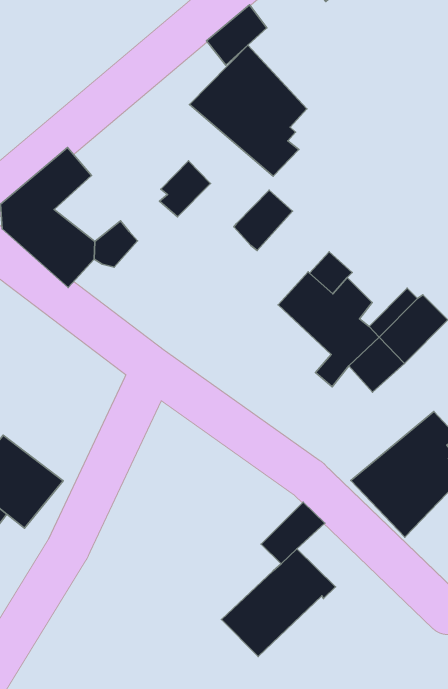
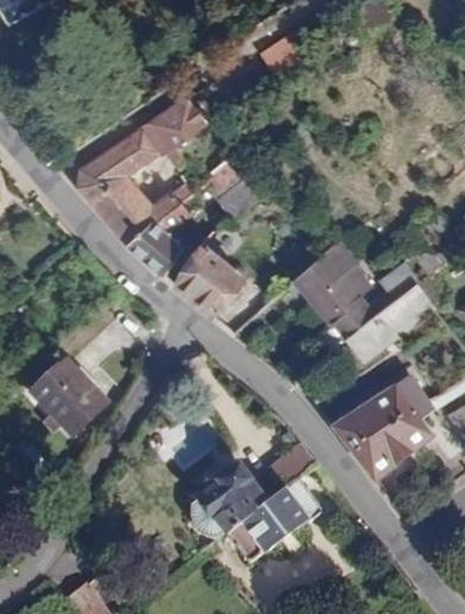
building: [189,45,307,176] -> none
building: none -> [149,95,206,161]
building: [234,190,292,251] -> [221,171,270,219]
building: none -> [127,222,182,273]
building: none -> [177,242,246,313]
building: none -> [198,460,266,528]

